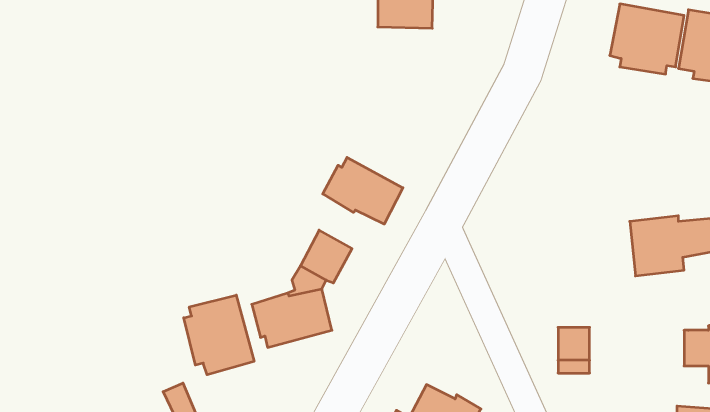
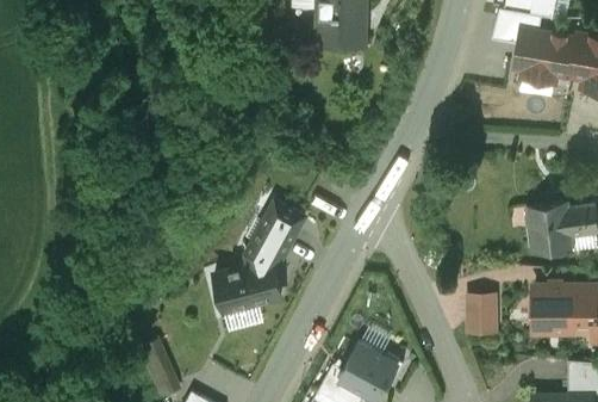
building: [323,157,403,224] -> none
building: [184,295,254,375] -> none
building: none -> [534,287,577,334]

